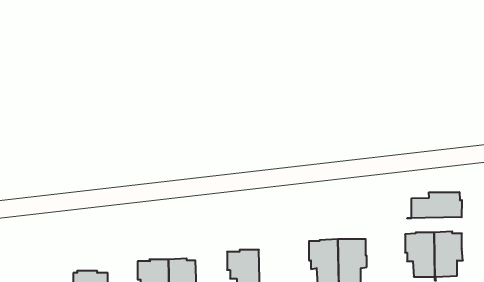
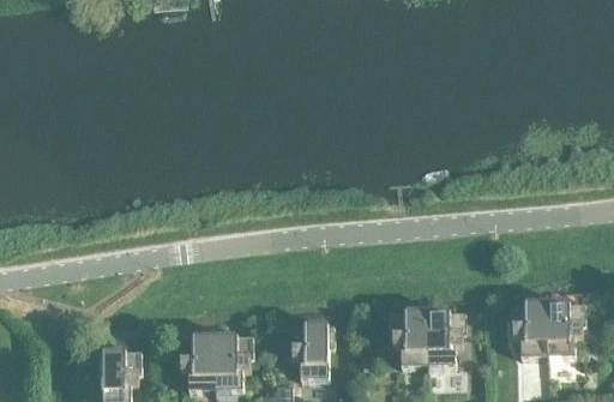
building: [407,192,462,218] -> none

